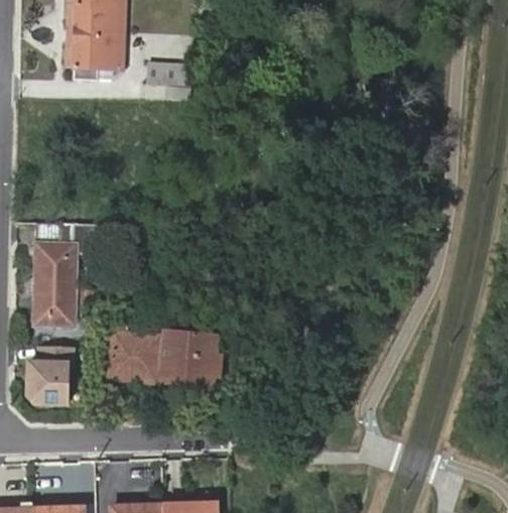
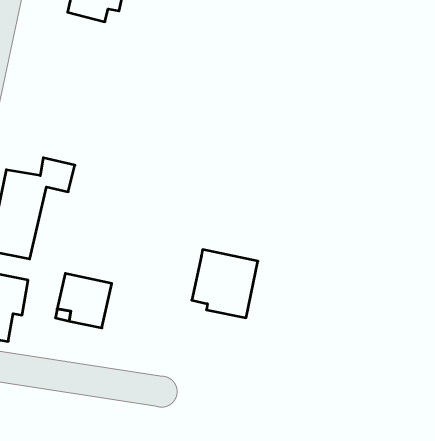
building: [146,59,188,83] -> none
building: [157,329,216,388] -> [192,250,258,318]

